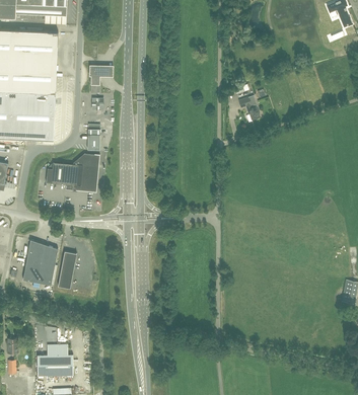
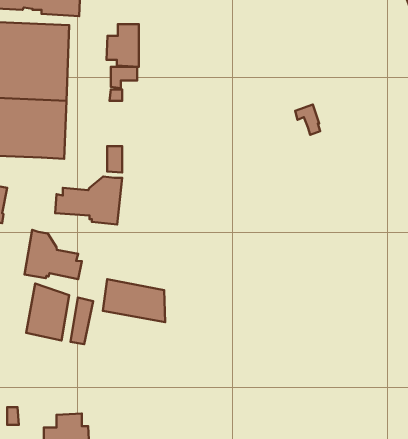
building: none -> [106,24,139,67]
building: none -> [24,230,82,279]
building: none -> [103,279,165,322]

